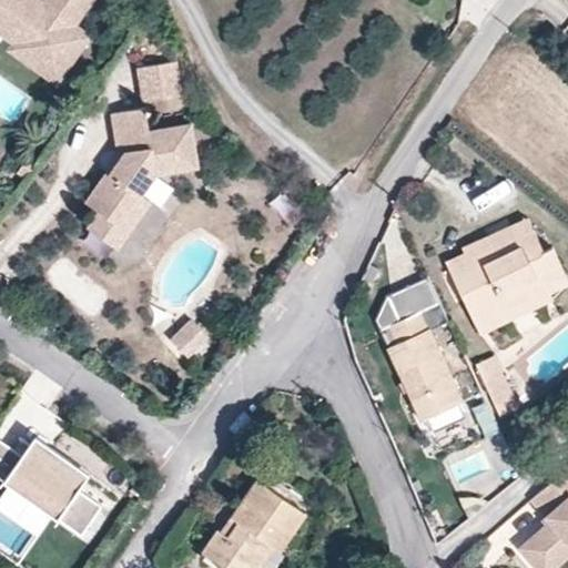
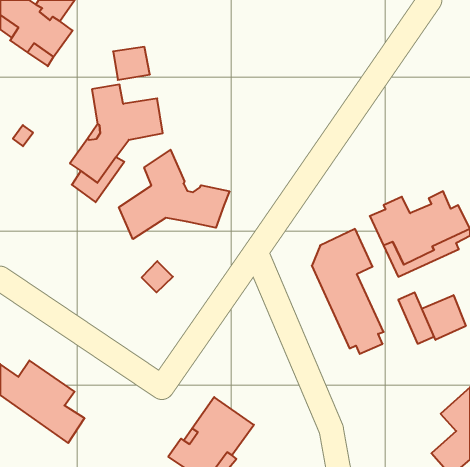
building: none -> [119,150,229,239]
building: [485,221,535,261] -> none
building: none -> [422,295,466,340]

